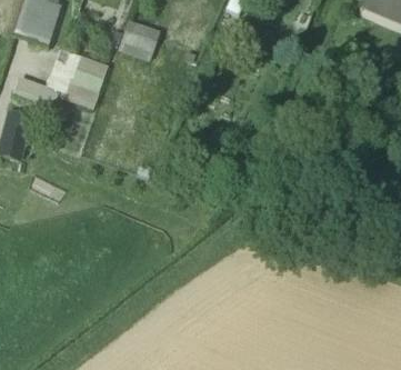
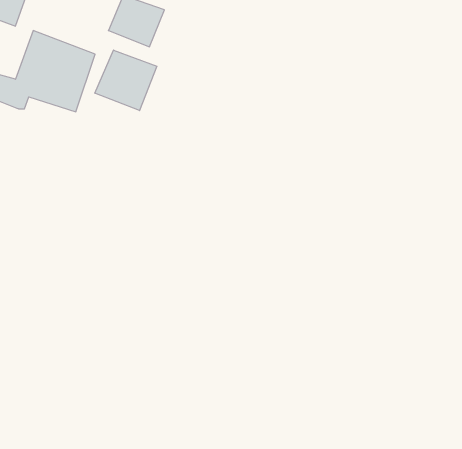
building: none -> [95,50,157,111]

